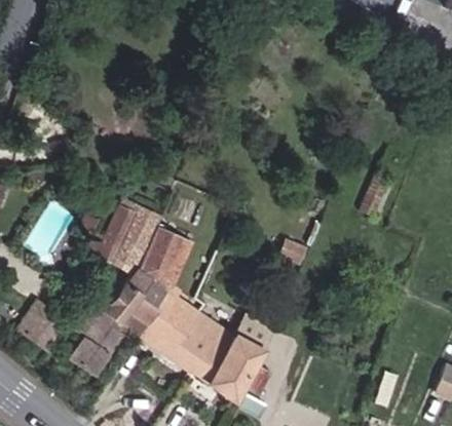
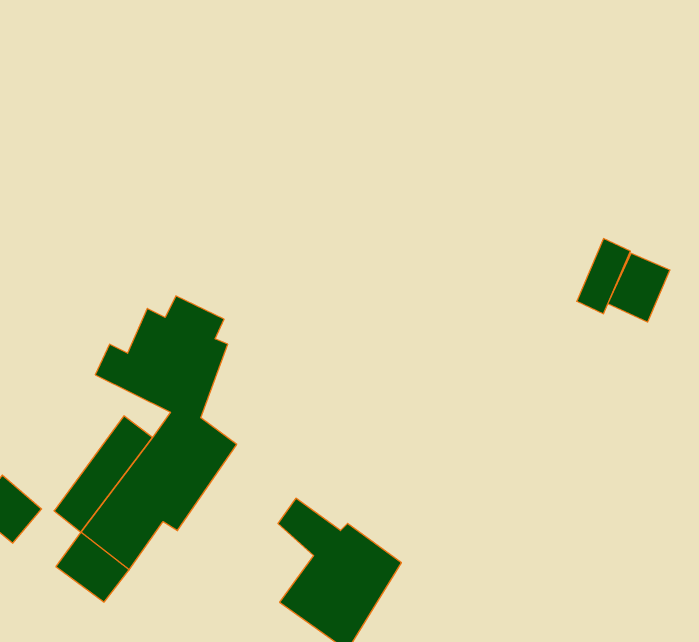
building: none -> [608,253,670,322]
building: [137,230,215,378] -> none

